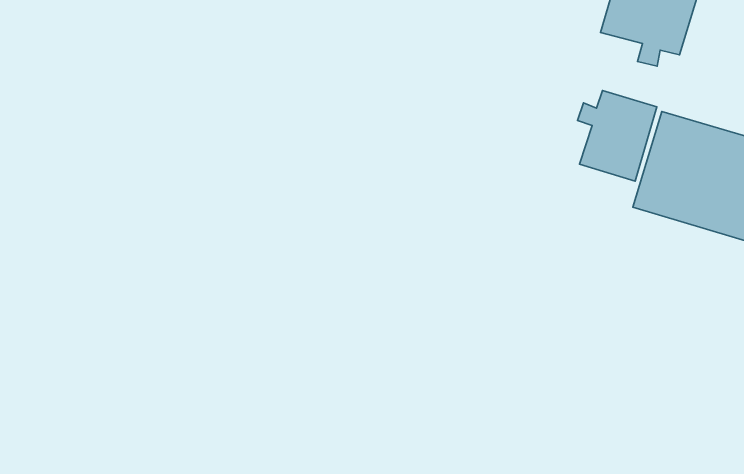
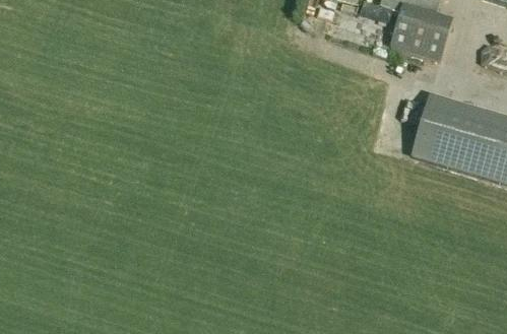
building: [577,91,657,181] -> none

